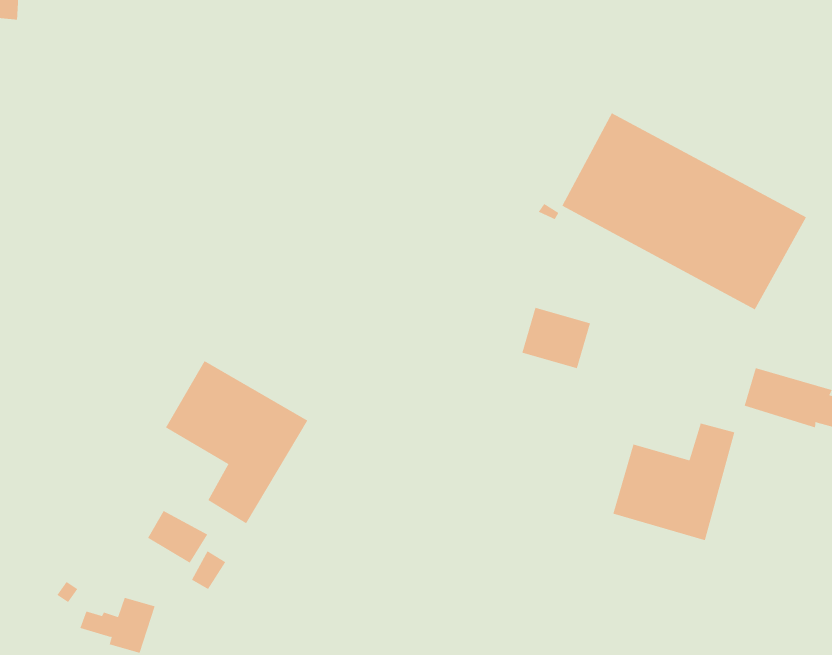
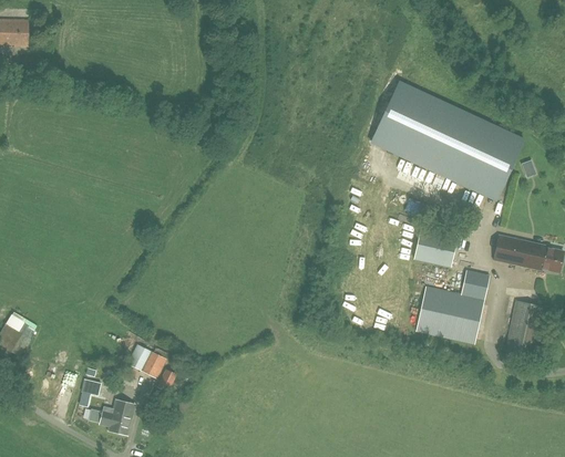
building: [521,307,591,369] -> [414,229,456,266]
building: [165,360,308,524] -> none
building: none -> [504,300,545,356]

